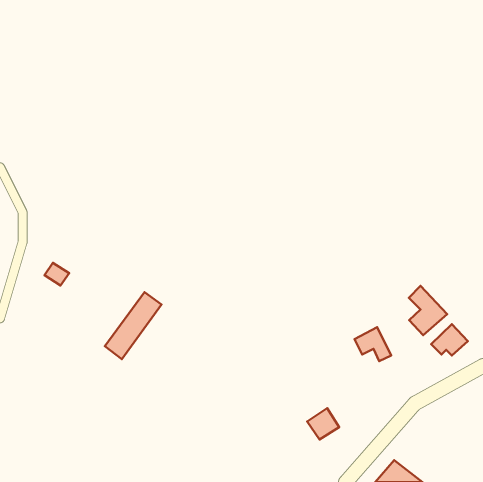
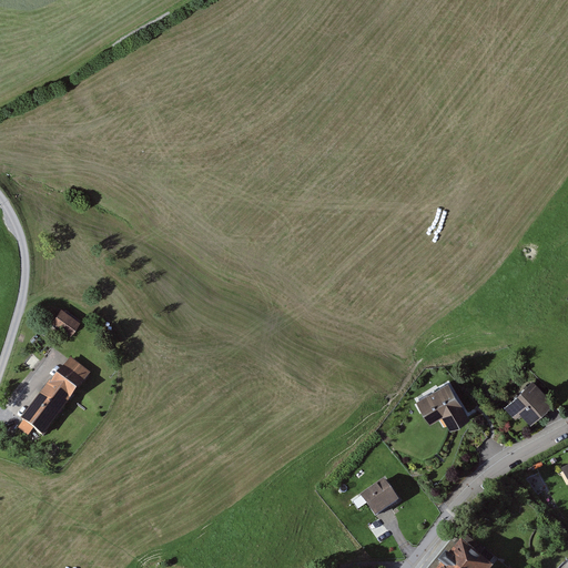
building: [409,286,447,335] -> none
building: [105,292,162,359] -> [23,358,90,437]

